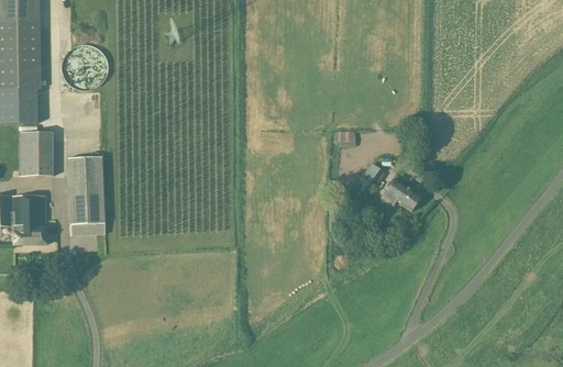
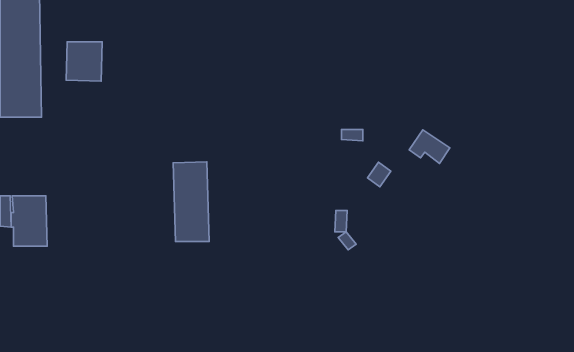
building: [20,131,53,176] -> none
building: [69,156,104,234] -> [173,162,209,241]
building: [380,177,420,210] -> [409,130,450,163]

